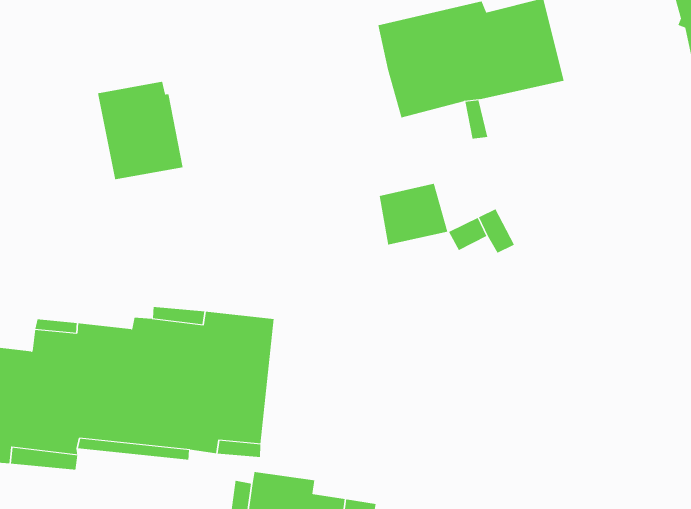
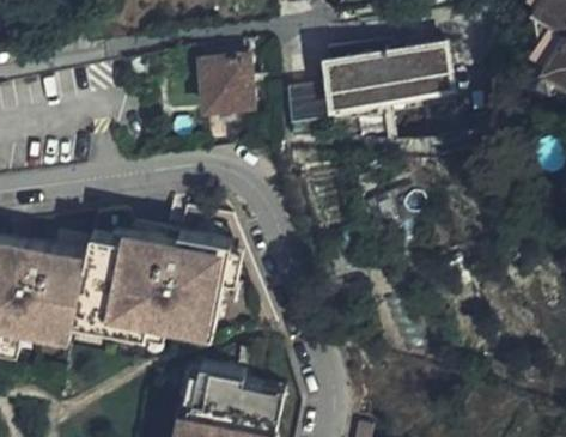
building: [97,81,184,180] -> [197,43,254,110]
building: [379,183,448,245] -> [288,81,335,122]

